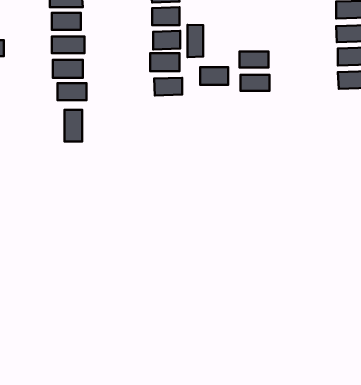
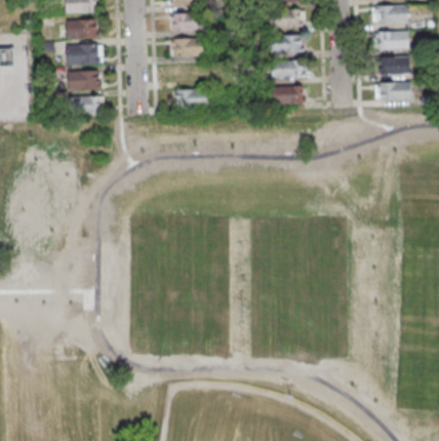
building: none -> [270,10,302,29]
building: [188,25,203,57] -> none
building: [200,67,228,85] -> [271,36,302,55]
building: [65,110,82,142] -> none

